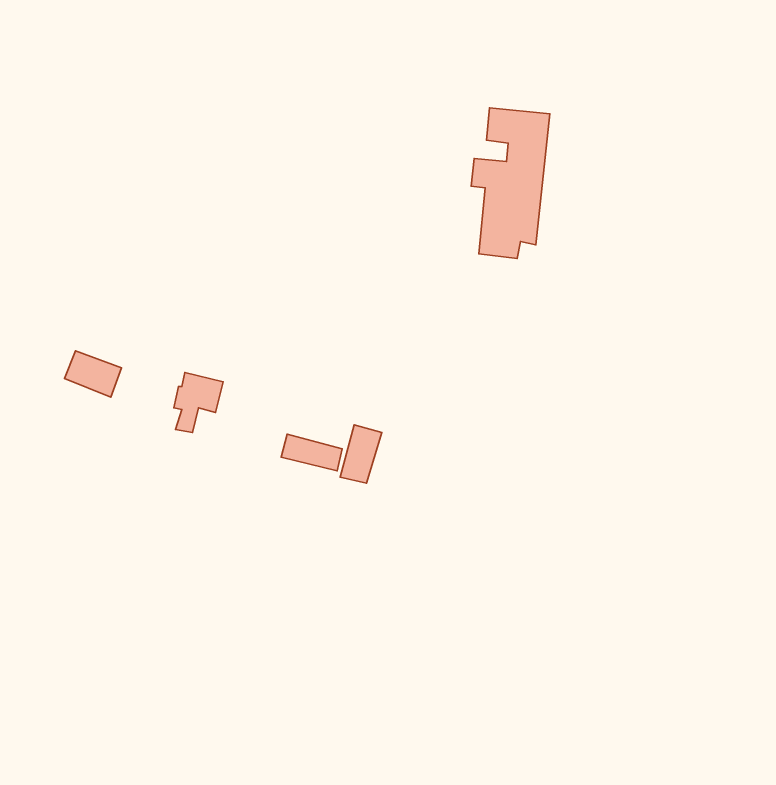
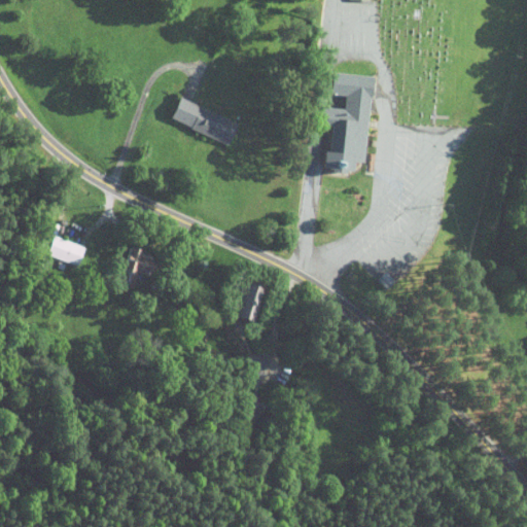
building: none -> [176,99,243,145]
building: [281,434,342,471] -> none

